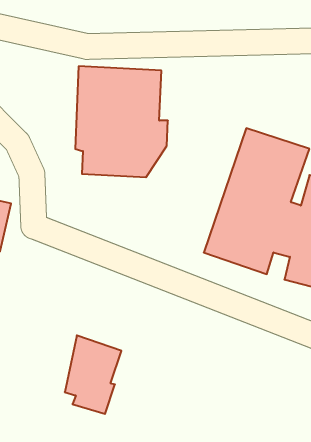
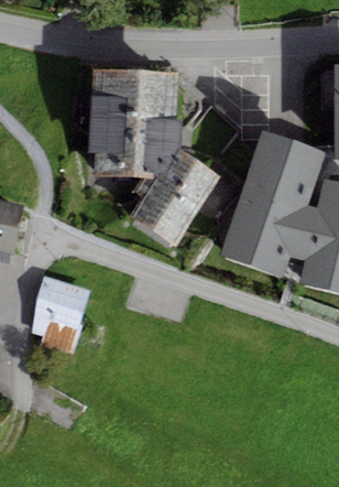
building: none -> [132,148,220,248]
building: [65,335,121,414] -> [32,275,89,355]

